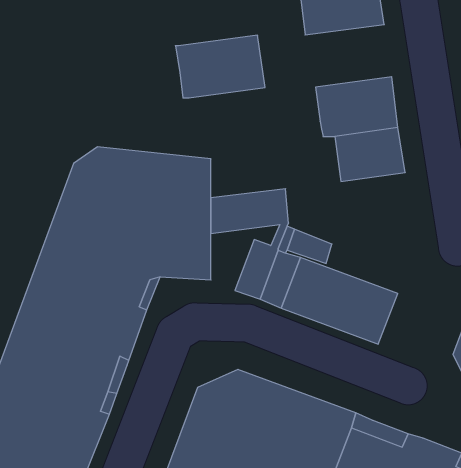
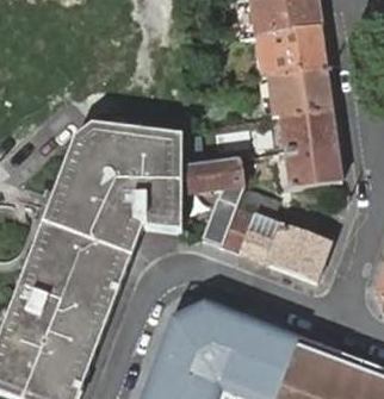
building: [175,35,265,98] -> [255,26,327,76]
building: none -> [279,144,341,187]

